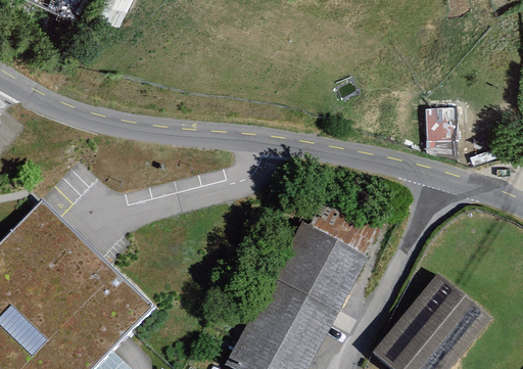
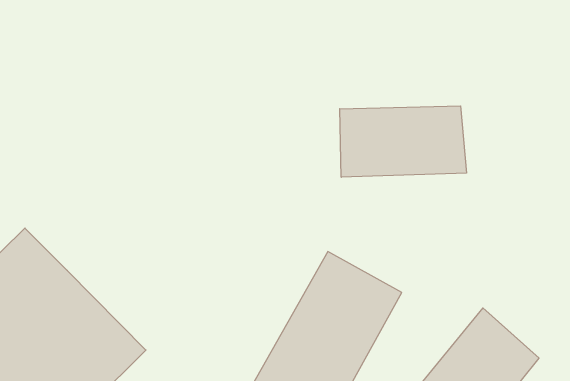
building: none -> [340,106,466,177]
building: [427,106,459,141] -> none

